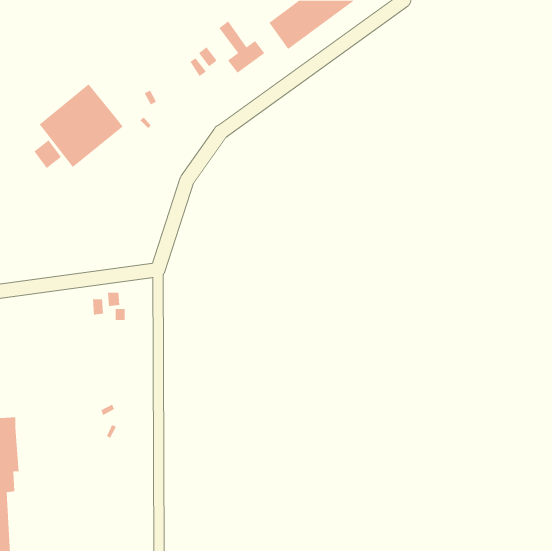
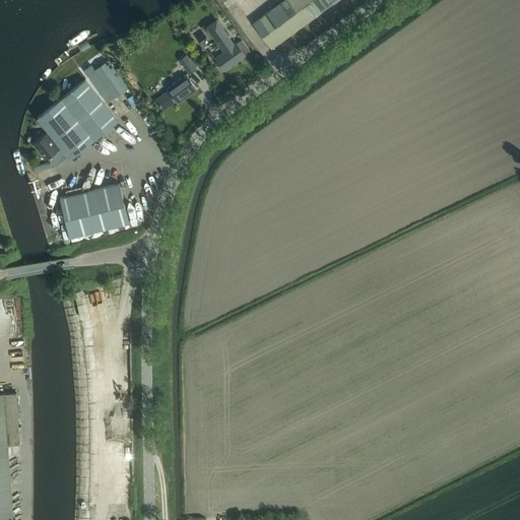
building: none -> [86,62,126,104]
building: none -> [154,76,195,111]
building: none -> [59,182,128,237]

